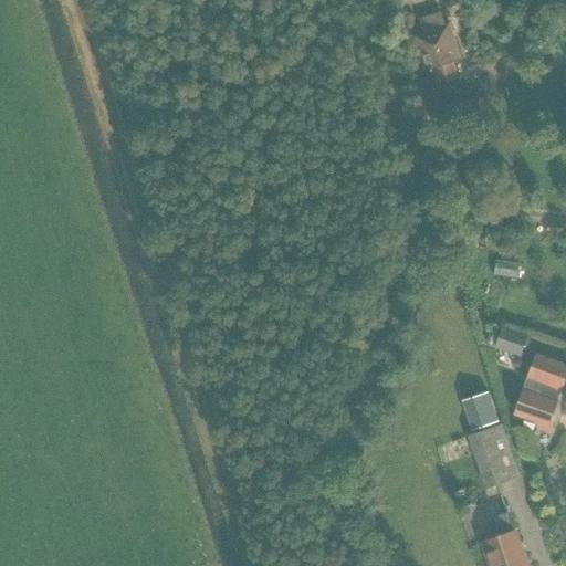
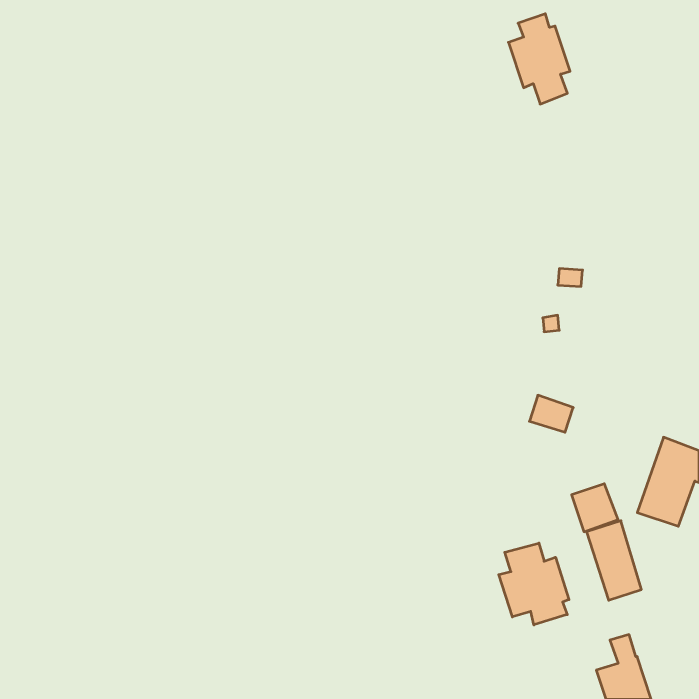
building: [491,326,526,356] -> [529,395,573,432]
building: none -> [499,543,569,625]

